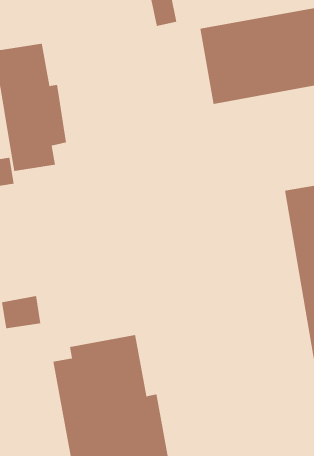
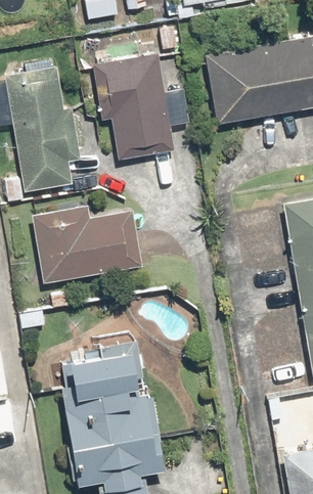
building: none -> [85,56,180,166]
building: none -> [33,204,141,283]

